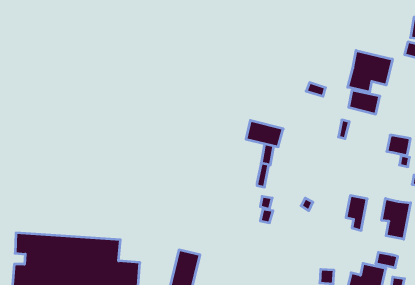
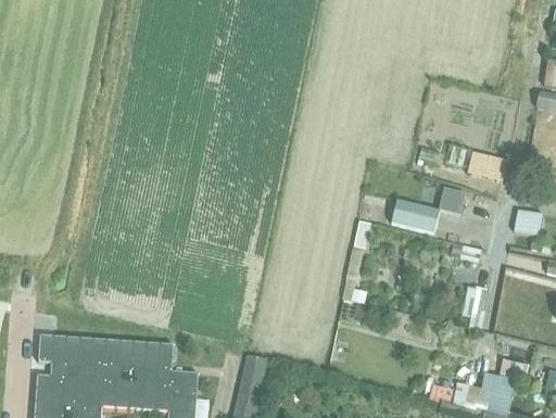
building: [348,50,392,92] -> none
building: [246,120,283,147] -> [391,200,439,233]
building: [382,198,411,239] -> none

